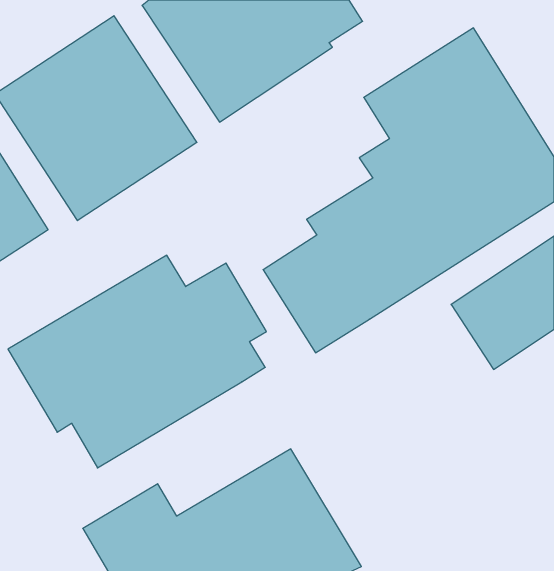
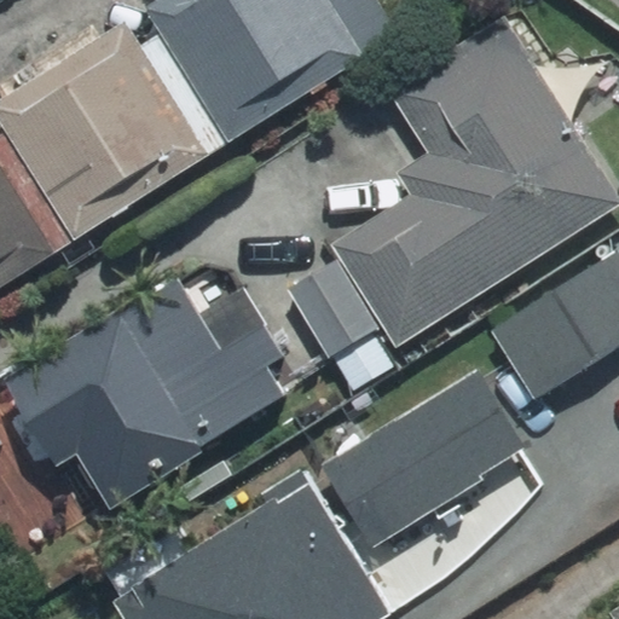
building: none -> [324,368,527,548]

